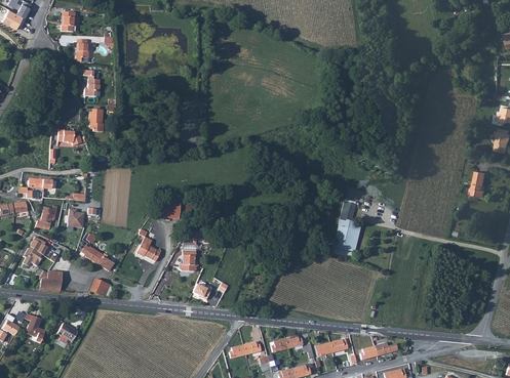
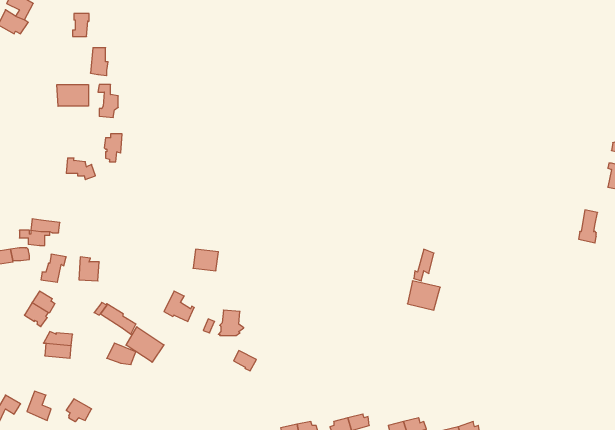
building: none -> [57,85,88,106]
building: none -> [126,327,164,362]

